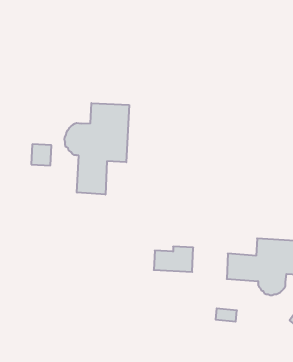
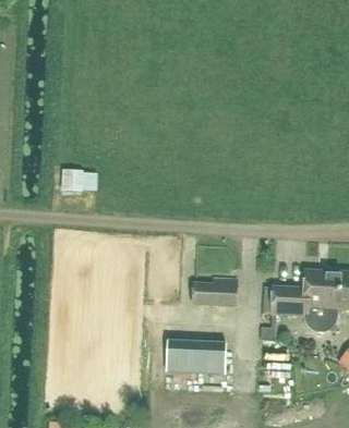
building: [64,103,129,195] -> none
building: none -> [165,339,227,380]

